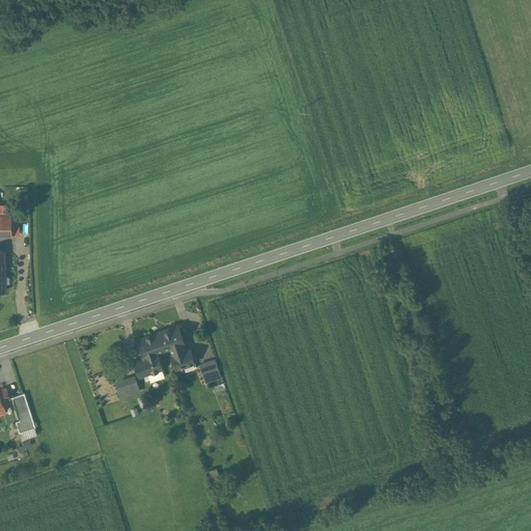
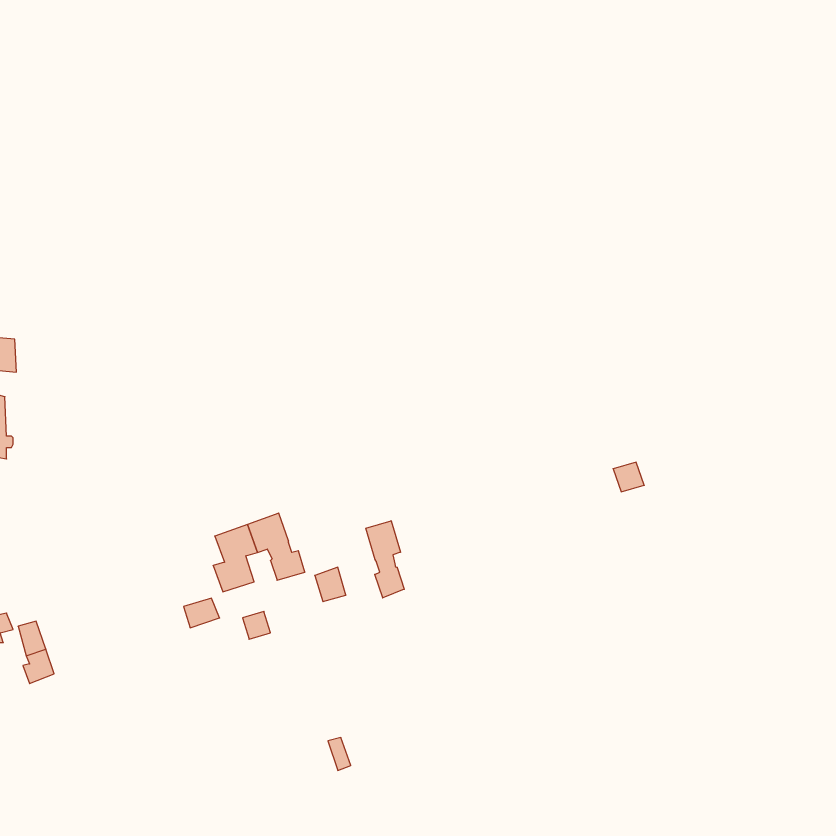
building: none -> [366,521,404,598]

